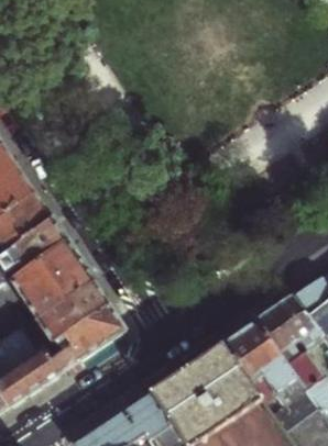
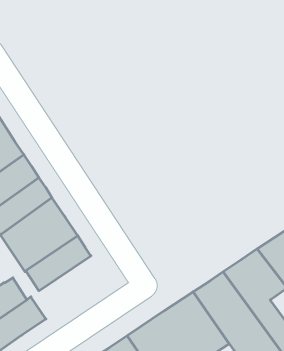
building: [44,305,127,375] -> none

